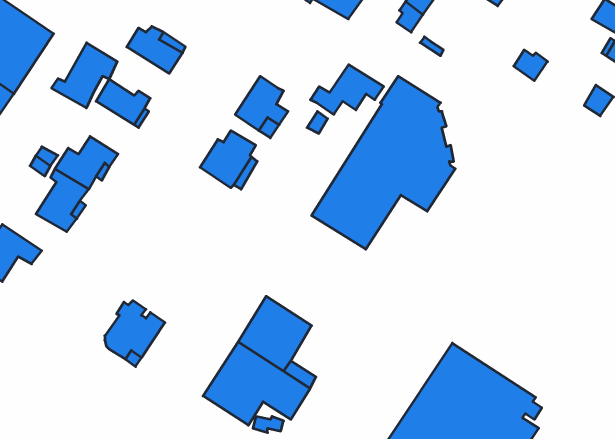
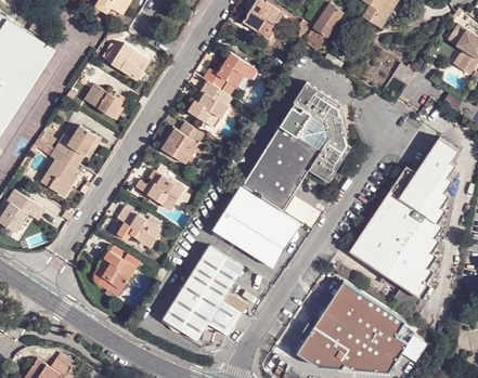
building: [52,43,117,108] -> none
building: [310,65,384,114] -> [201,53,255,90]
building: none -> [349,136,457,312]
building: none -> [133,172,183,210]
building: none -> [212,184,300,268]
building: none -> [114,206,159,246]

